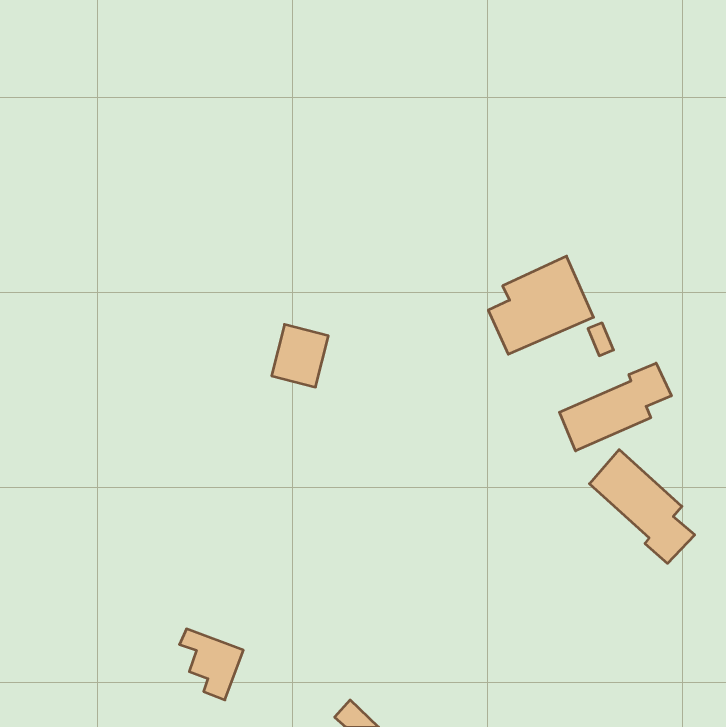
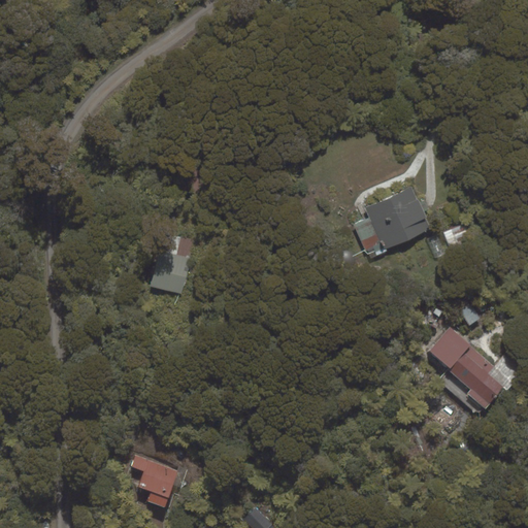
building: [272,324,328,387] -> [150,250,191,295]
building: [559,363,671,451] -> none

